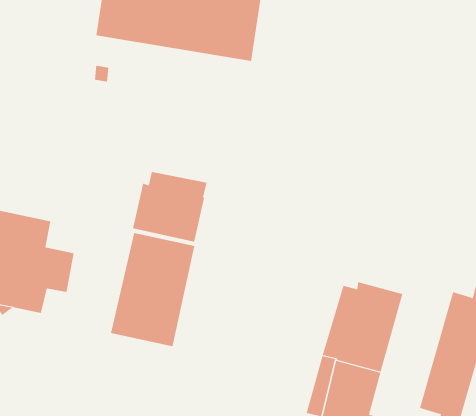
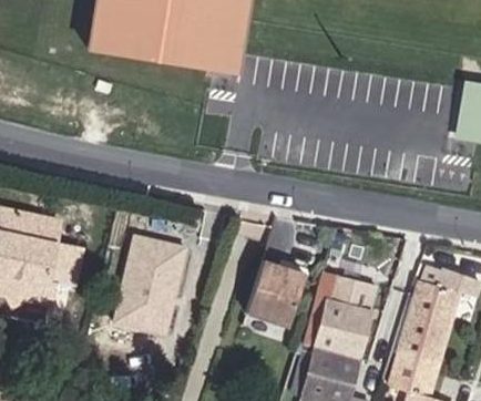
building: [132,171,207,242] -> none
building: none -> [246,261,305,328]

